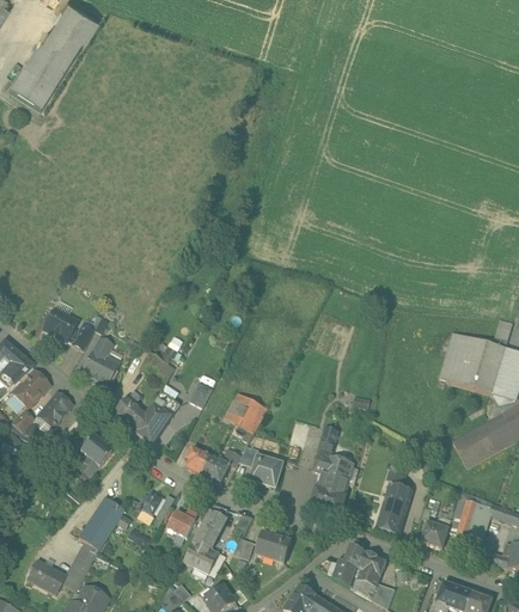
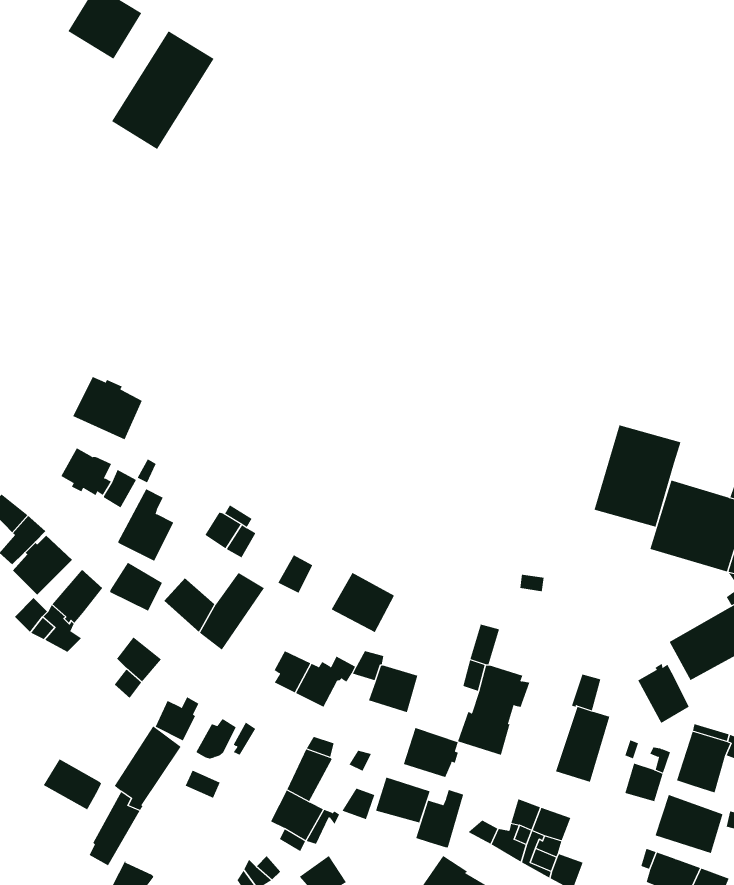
building: [10,30,79,110] -> [111,30,214,150]
building: none -> [73,376,143,440]
building: none -> [594,424,681,528]
building: none -> [109,562,163,612]
building: none -> [638,663,689,724]
building: none -> [403,727,459,778]
building: [167,507,197,537] -> [155,697,199,741]
building: none -> [415,789,464,848]
building: none -> [655,794,723,854]
building: [26,559,66,594] -> [43,758,102,810]

